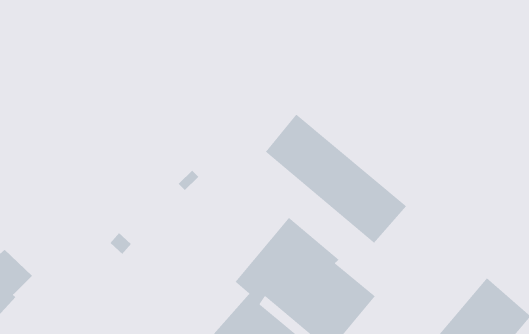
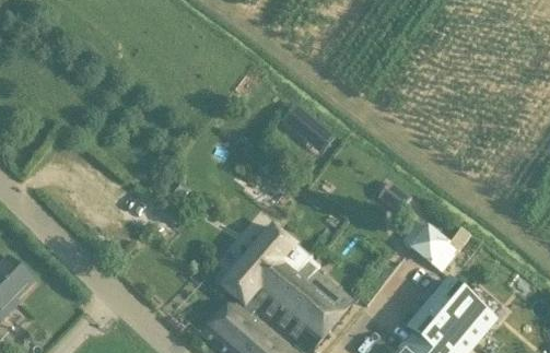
building: [265,113,407,244] -> none
building: none -> [405,212,463,269]

